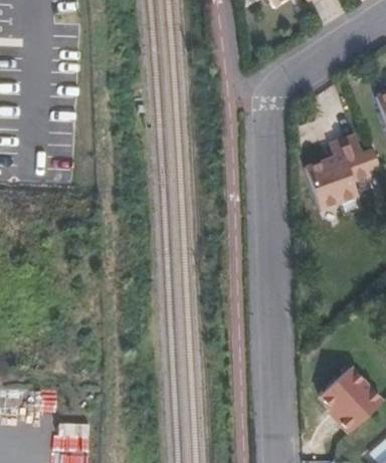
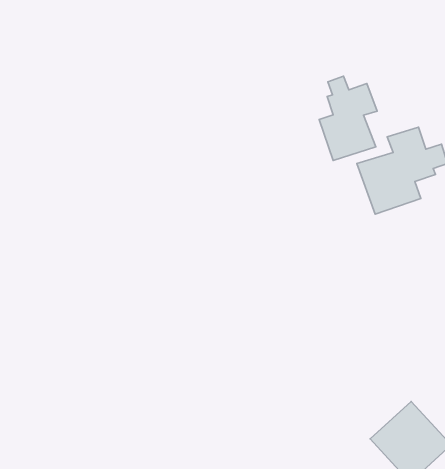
building: none -> [319,76,377,161]

